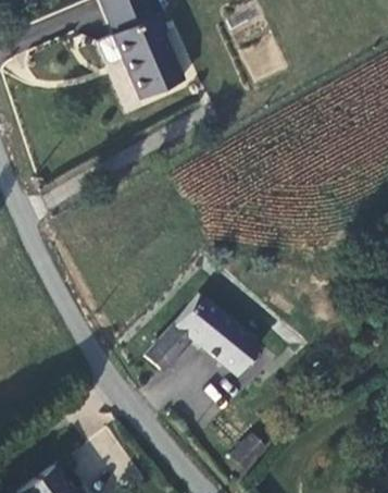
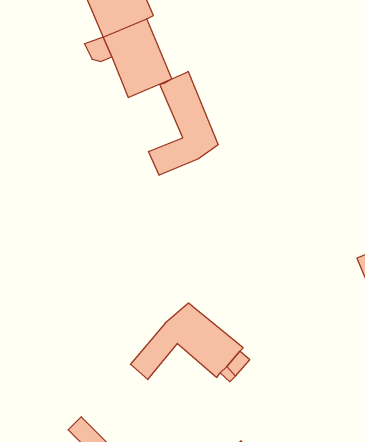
building: none -> [149,71,218,175]

